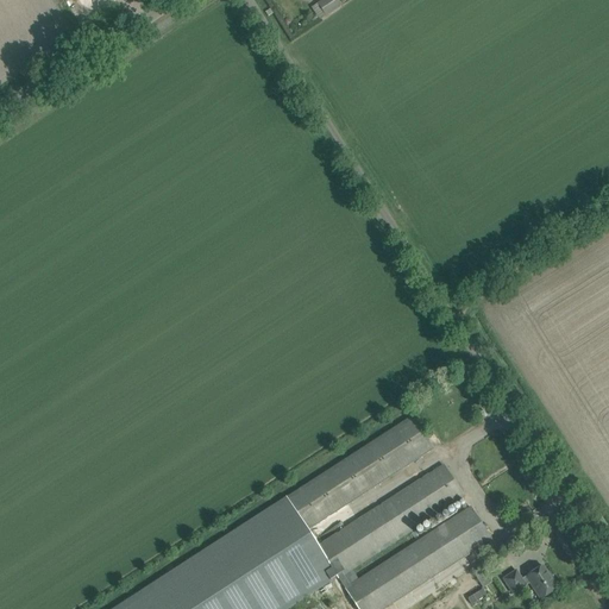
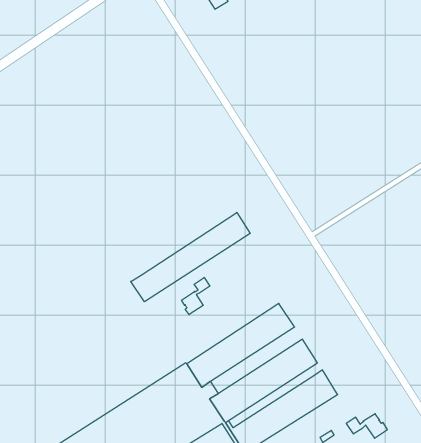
building: none -> [131,212,250,302]
building: none -> [182,277,210,315]

